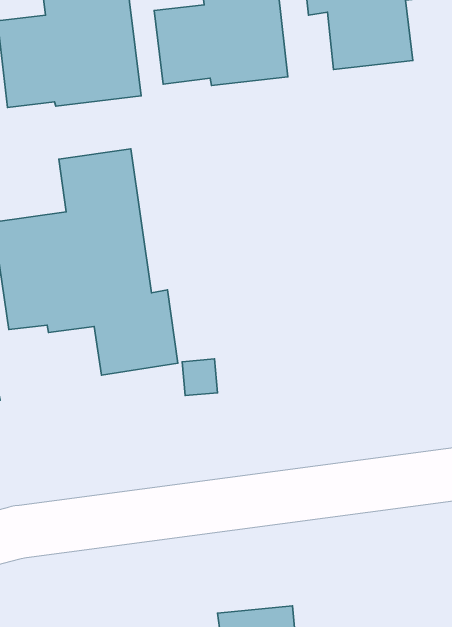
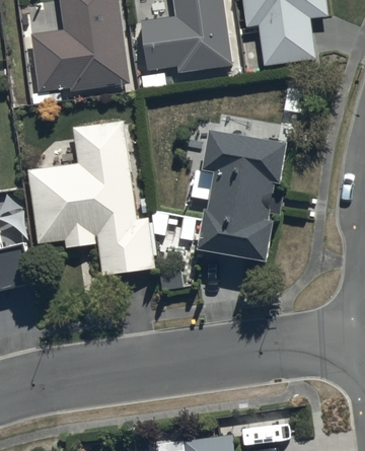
building: none -> [200,123,291,255]

